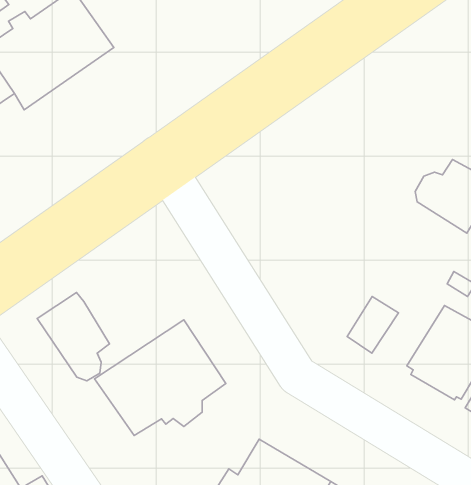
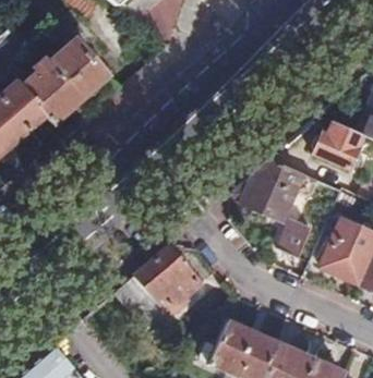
building: none -> [232,159,318,221]
building: [37,292,110,381] -> none

